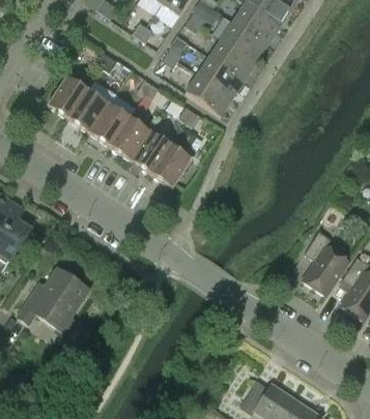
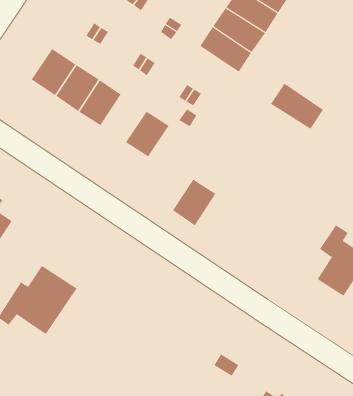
building: [184,72,232,114] -> [270,83,324,129]
building: [109,116,149,158] -> none
building: [151,144,191,186] -> [172,179,216,226]

